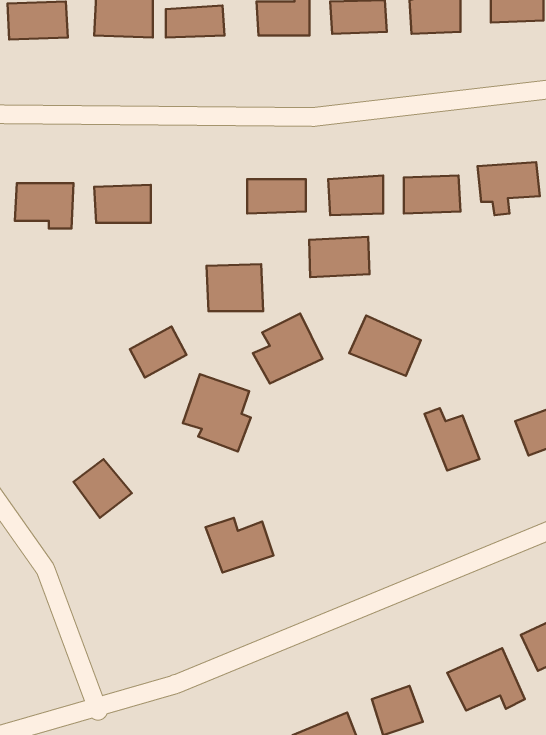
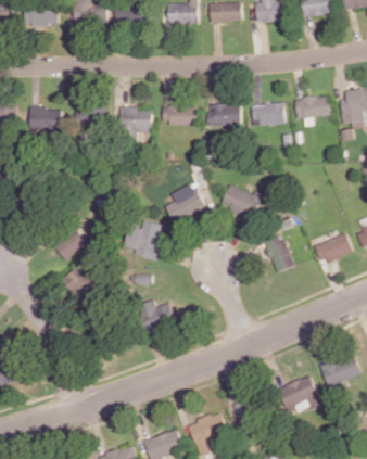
building: [309,237,369,277] -> none
building: [207,264,263,311] -> [118,106,151,133]
building: [130,326,186,377] -> [54,230,87,259]

